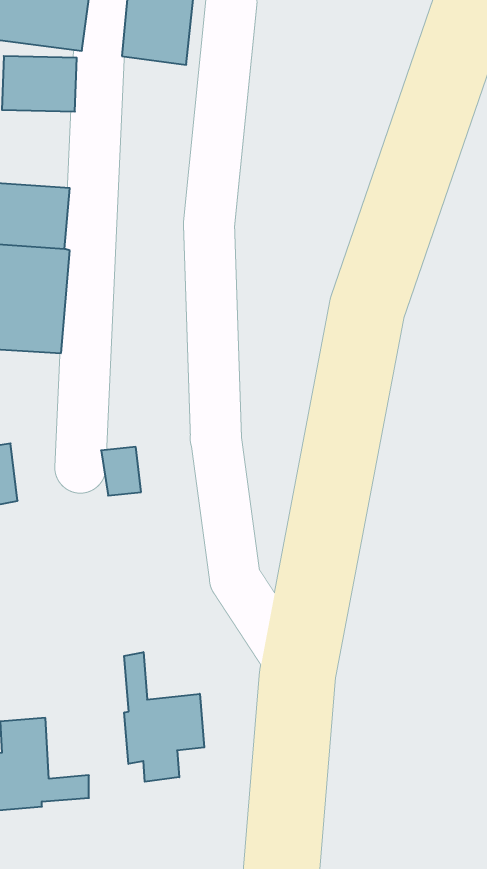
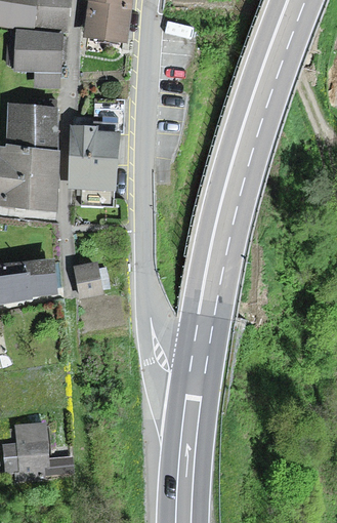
building: none -> [72,128,118,187]
building: none -> [23,262,55,296]
building: [124,652,204,782] -> none

